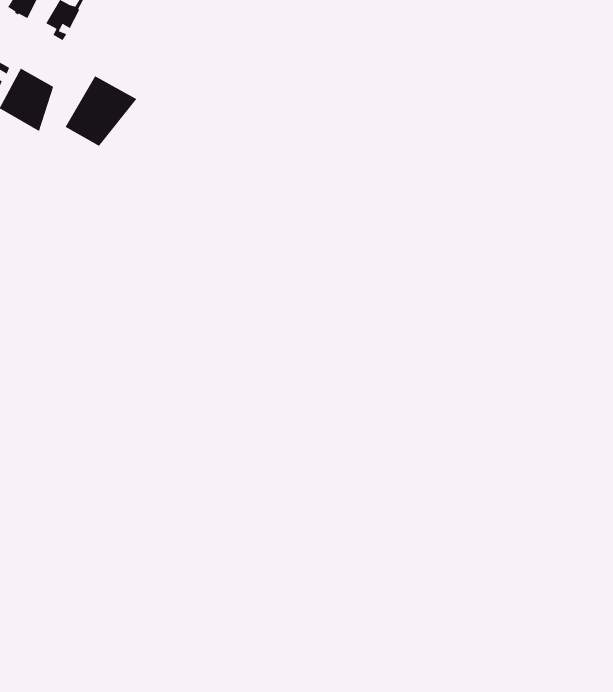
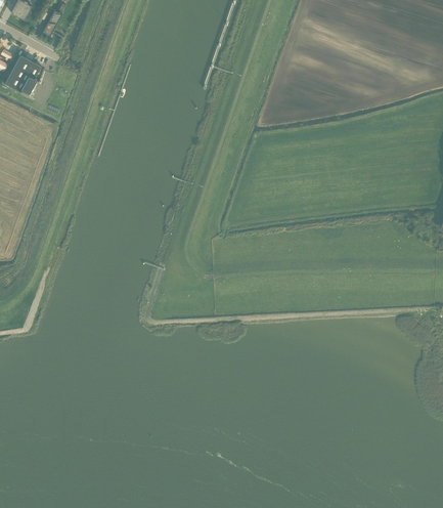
building: [64,75,138,147] -> none

